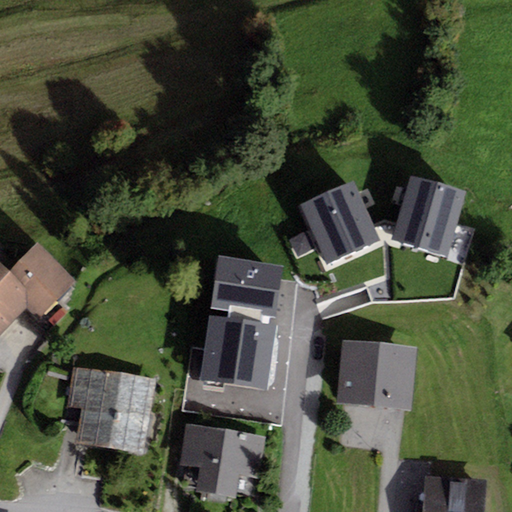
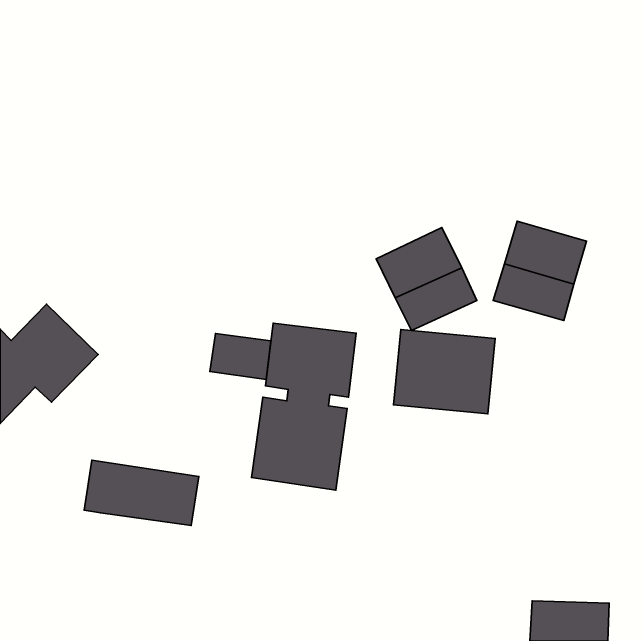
building: none -> [210,333,271,379]
building: [336,341,417,408] -> [393,330,495,414]
building: [75,408,152,453] -> none
building: [178,422,267,497] -> none

